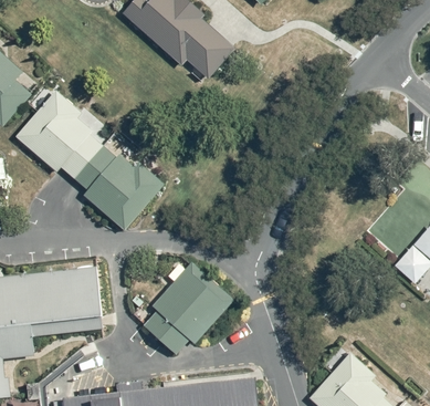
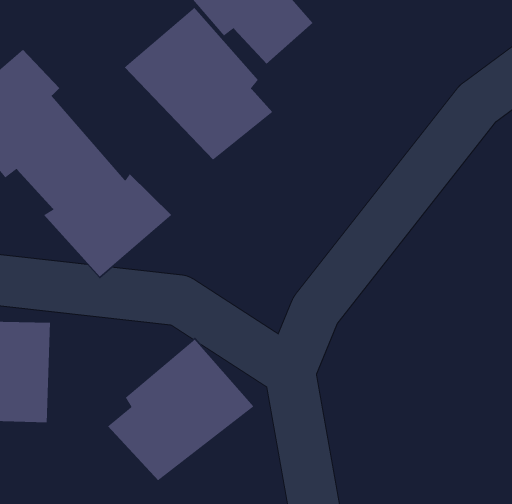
building: none -> [124,7,273,160]

